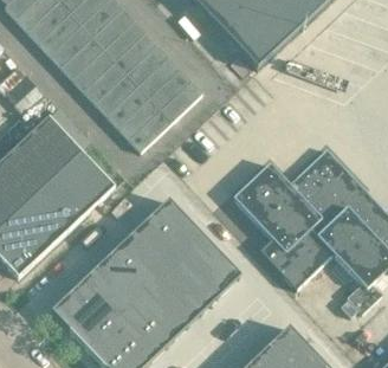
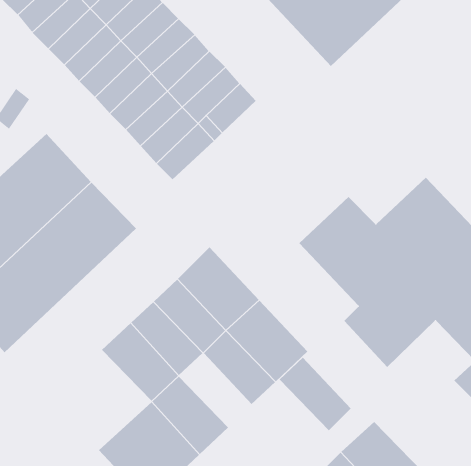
building: [50,275,124,348] -> none
building: [144,277,198,331] -> [279,357,351,431]

